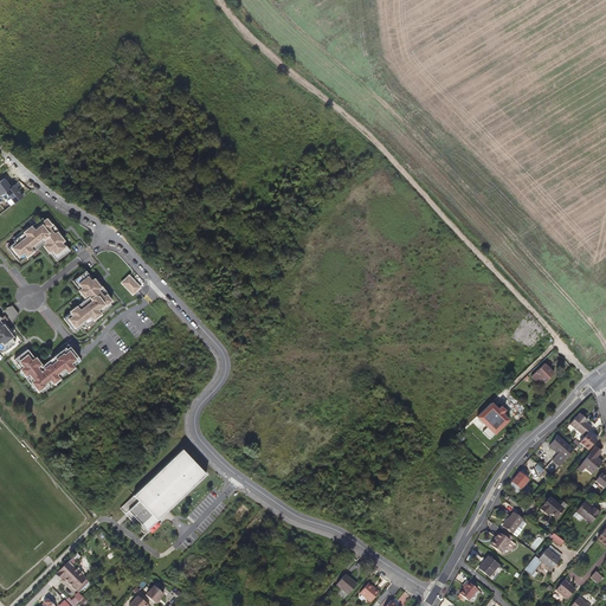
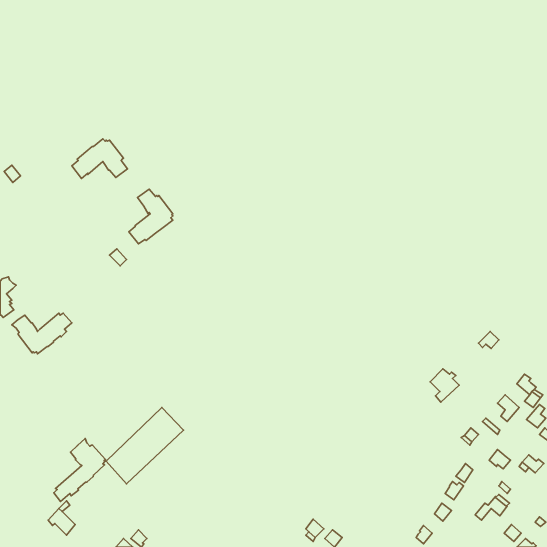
building: [9,217,71,260] -> [72,139,128,179]
building: [64,270,112,330] -> [129,189,173,244]
building: none -> [54,439,106,502]

